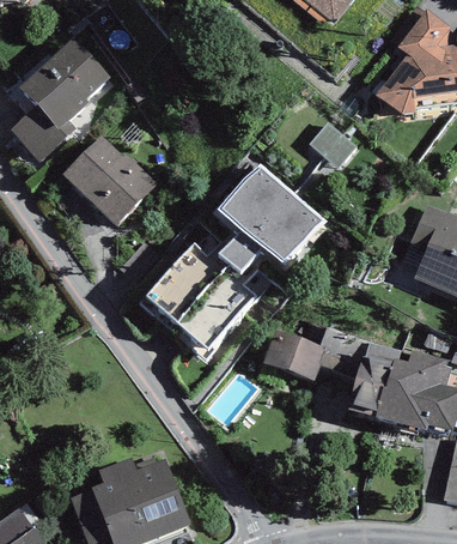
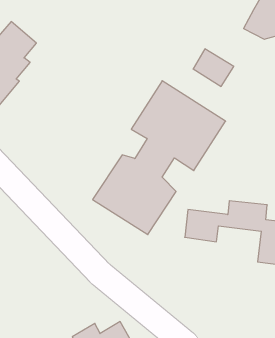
building: [65,140,171,243] -> none

